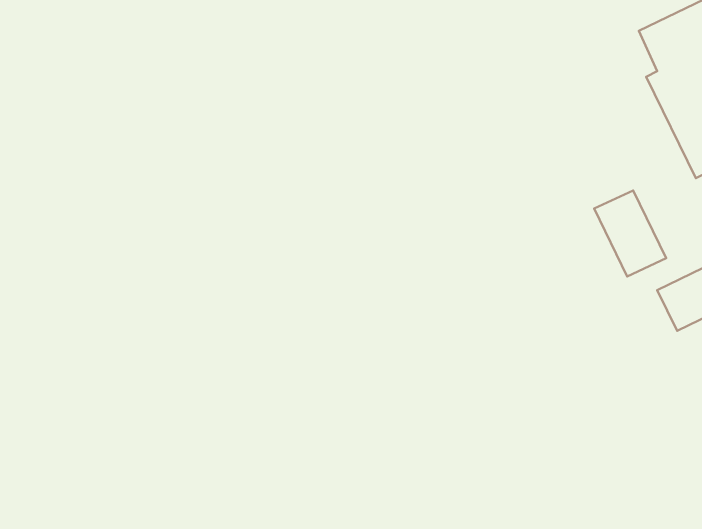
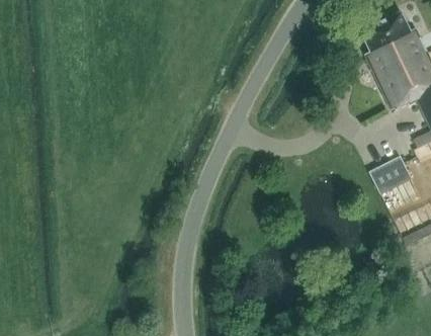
building: [594,190,666,276] -> none

